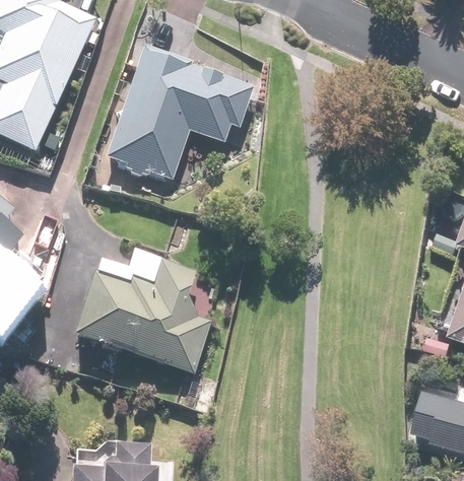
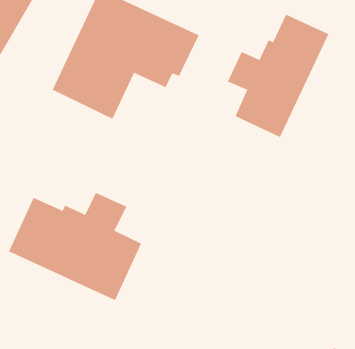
building: none -> [227,14,329,138]

